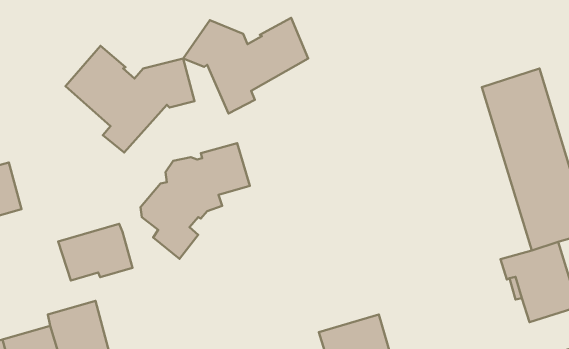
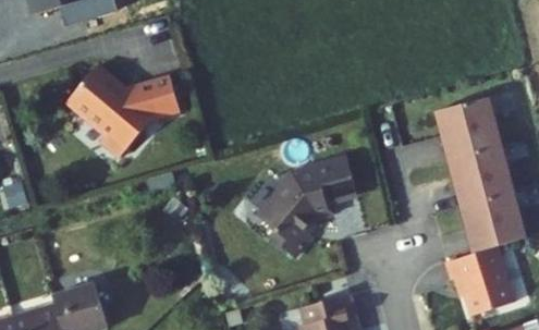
building: [183,18,308,114] -> none
building: [141,143,250,259] -> [258,159,353,259]
building: [58,224,132,280] -> none

